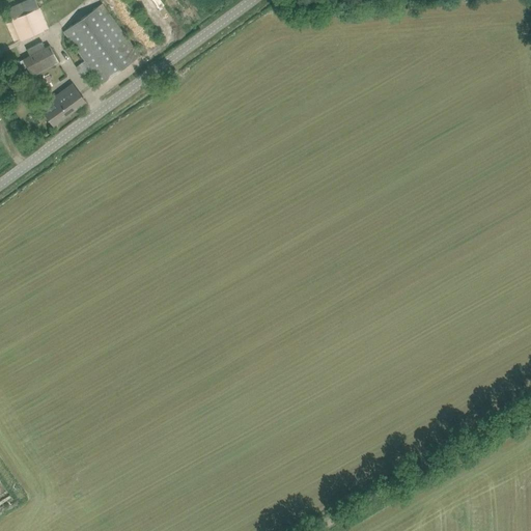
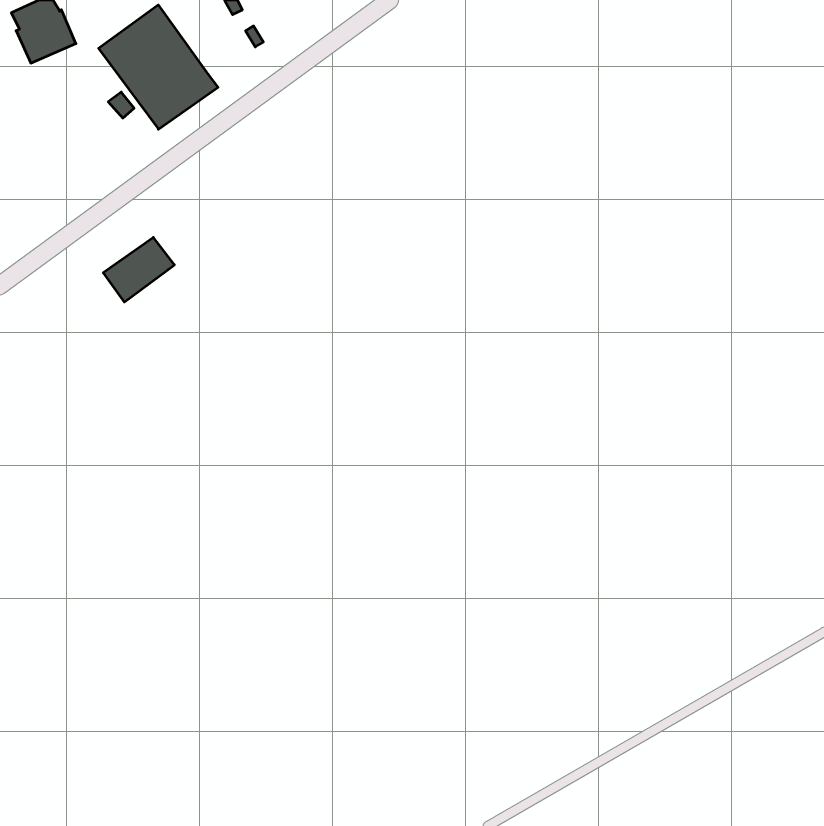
building: [13,41,59,77] -> none
building: [39,84,85,125] -> [103,237,174,302]

